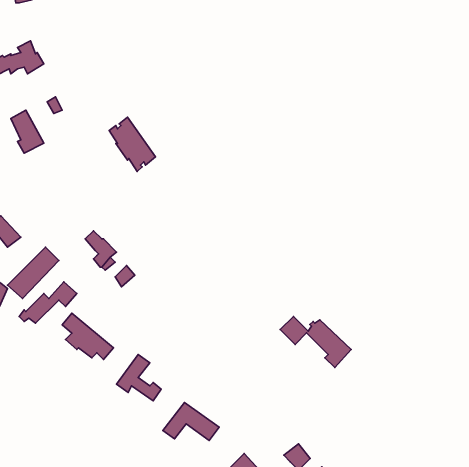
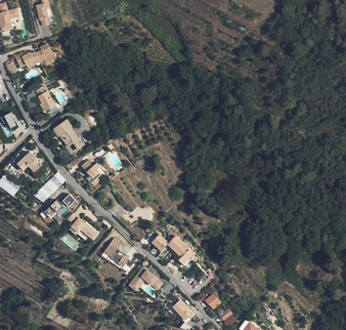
building: [109,117,155,172] -> [56,119,85,153]
building: [280,316,351,368] -> [152,234,196,265]

